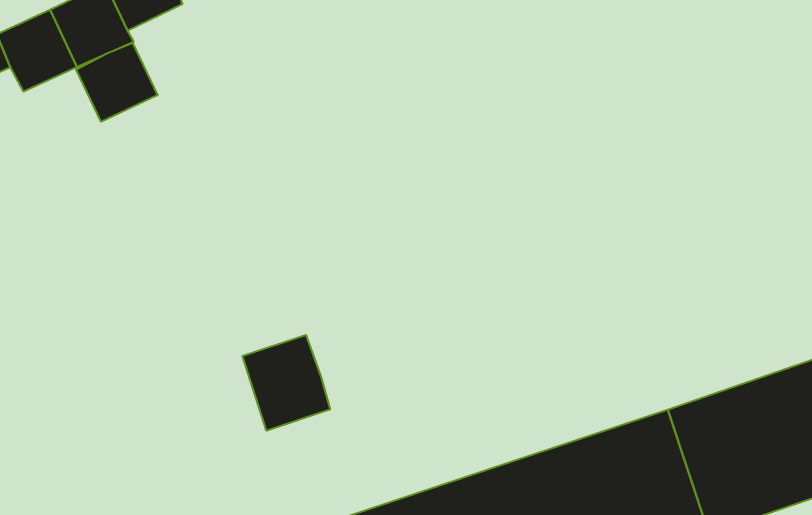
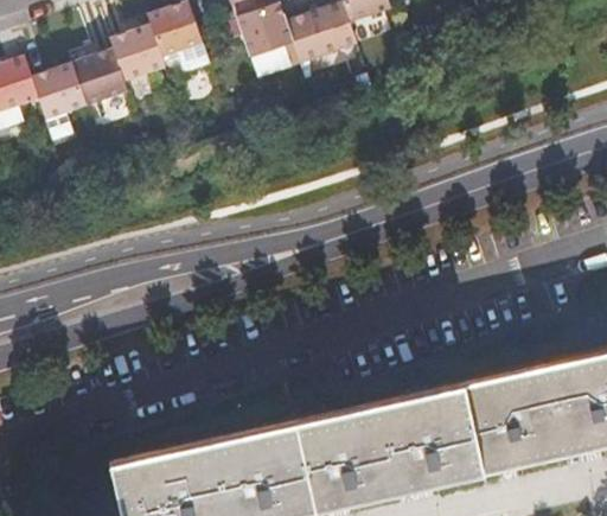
building: [76,43,158,122] -> none
building: [242,335,330,431] -> none

